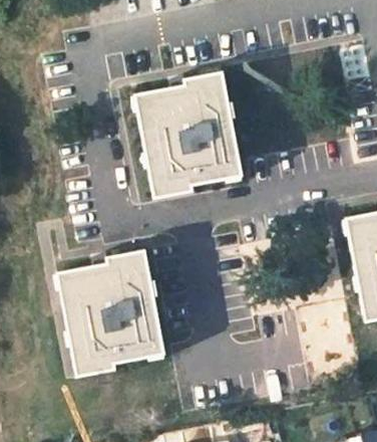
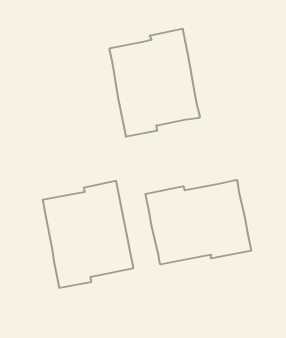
building: none -> [145,180,251,264]

